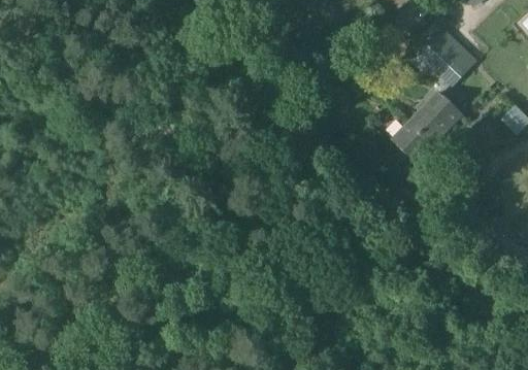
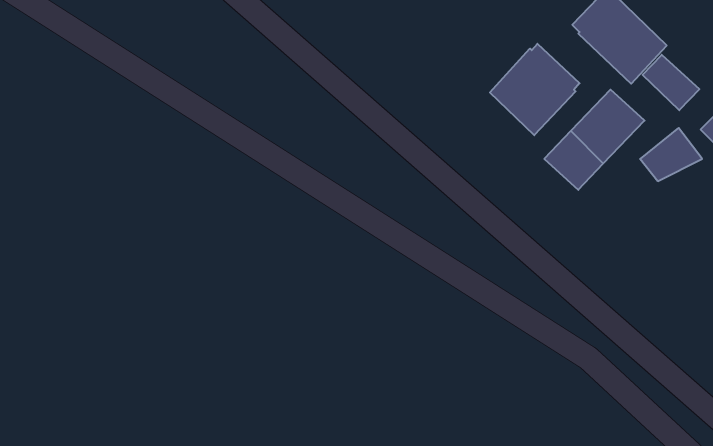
building: none -> [490,44,580,135]
building: none -> [643,55,699,110]

